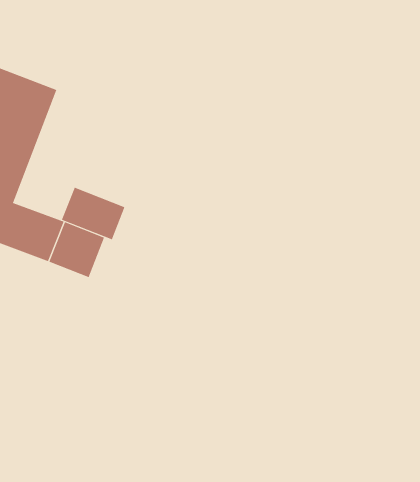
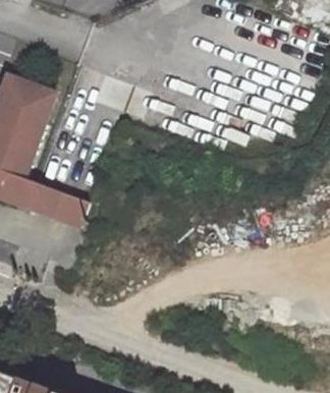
building: [61,187,125,240] -> none

